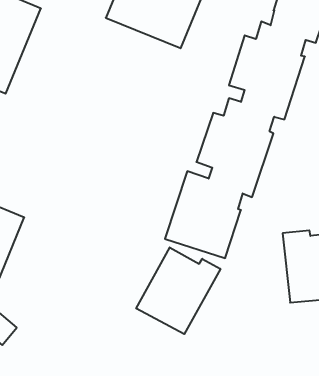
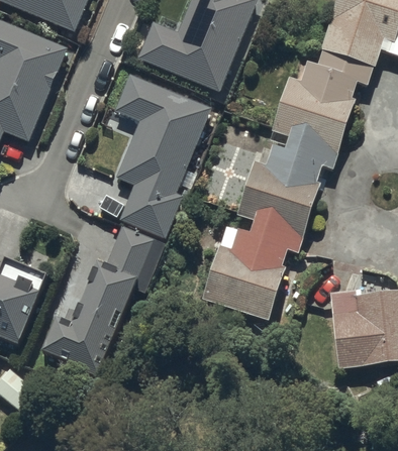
building: none -> [114,75,211,238]
building: none -> [42,226,165,379]
building: [136,247,220,334] -> none

